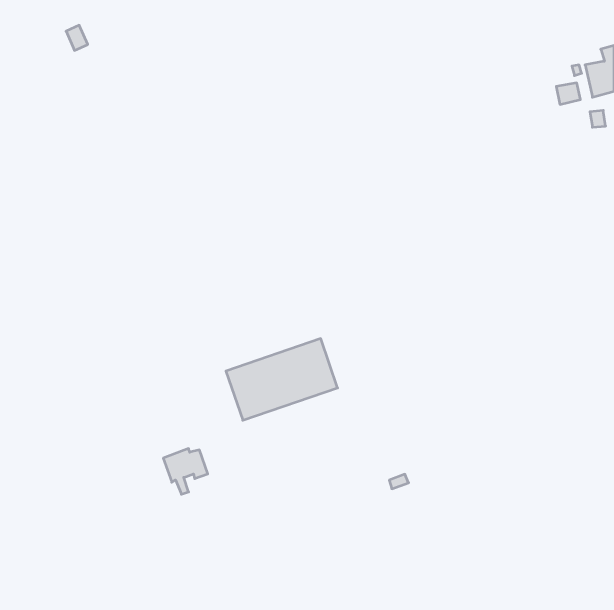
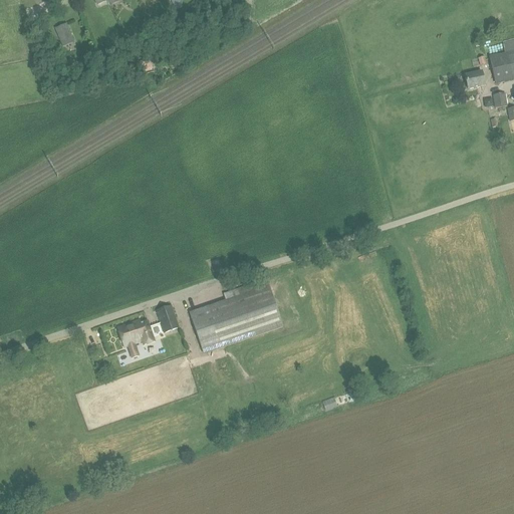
building: none -> [157,303,179,329]
building: [163,449,208,494] -> [117,317,155,355]

